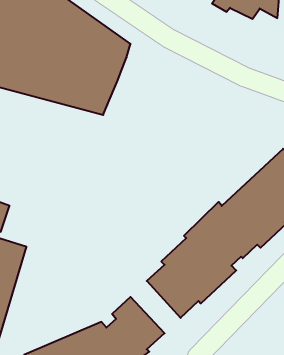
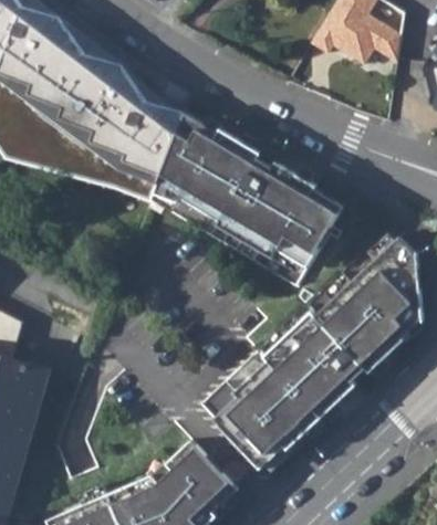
building: none -> [153,115,343,270]

